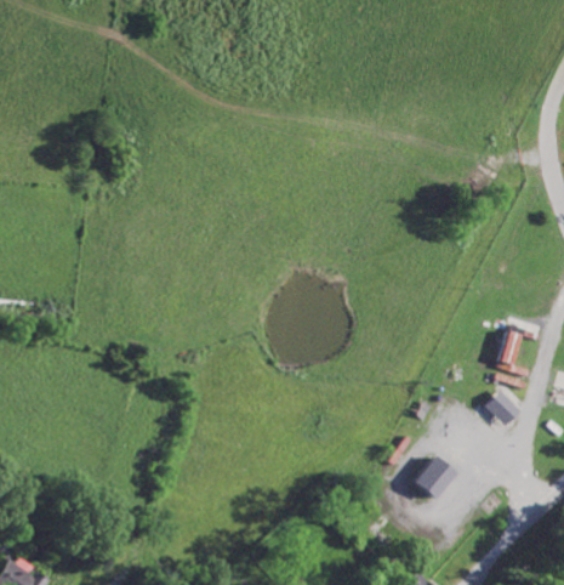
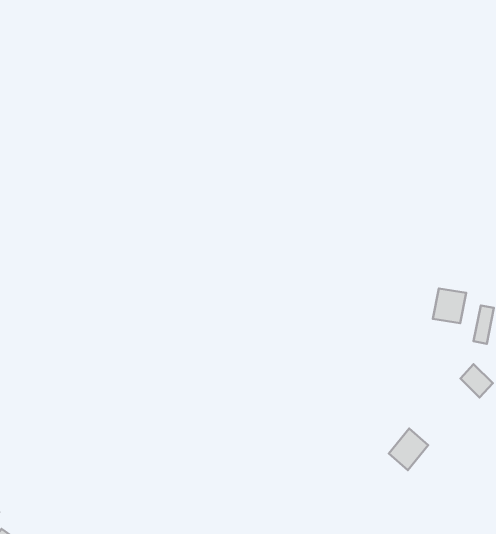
building: none -> [433,288,466,323]

